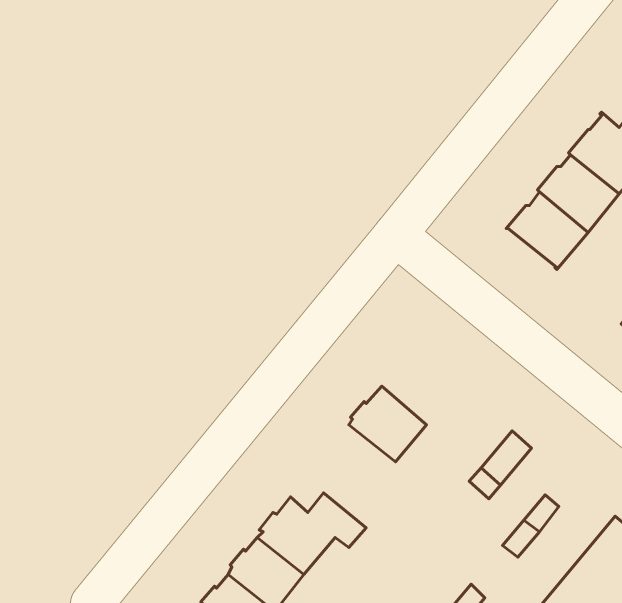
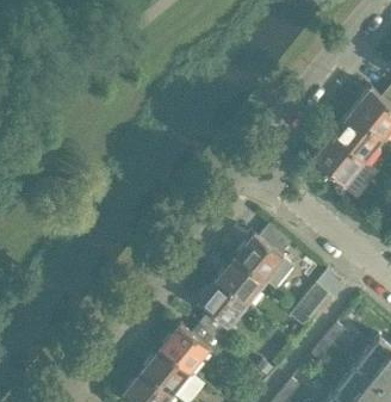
building: none -> [238,233,285,279]
building: none -> [200,279,247,342]

